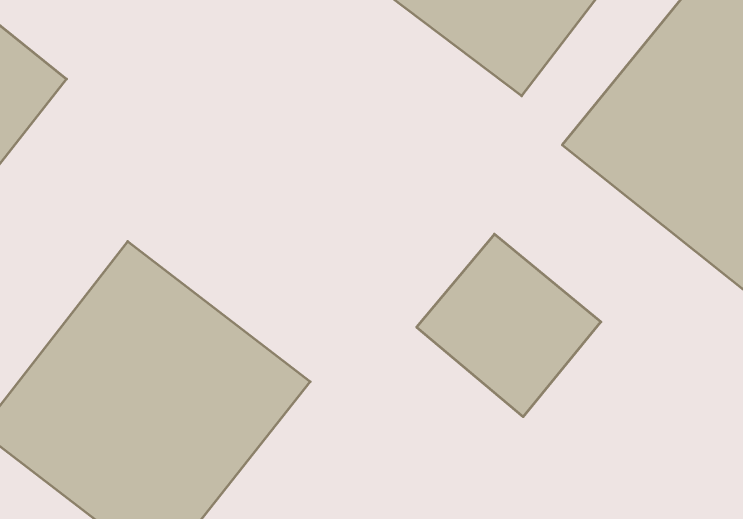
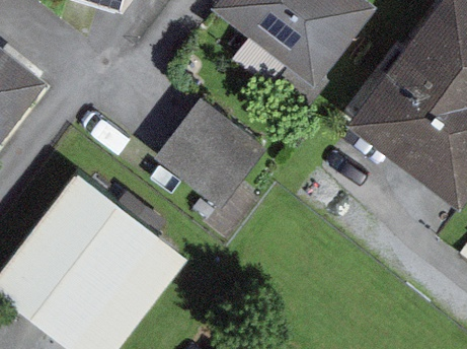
building: [417,234,601,417] -> [160,99,270,209]

